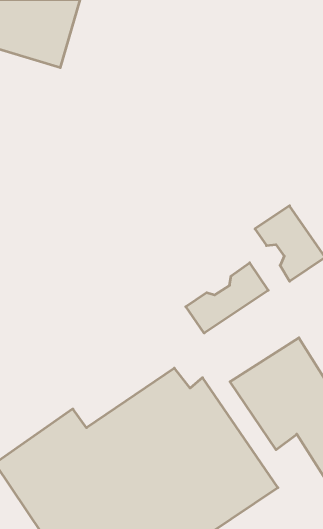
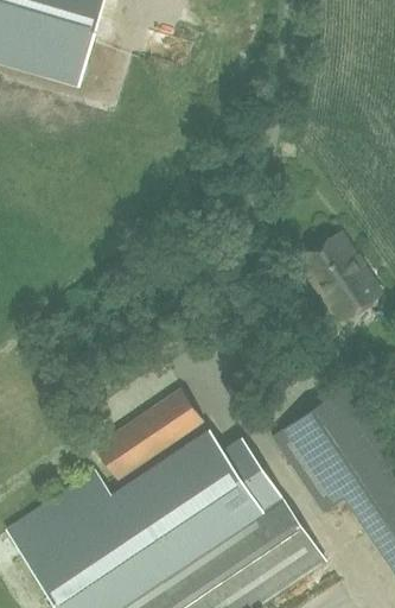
building: [186,263,268,333] -> none
building: none -> [94,392,202,483]

